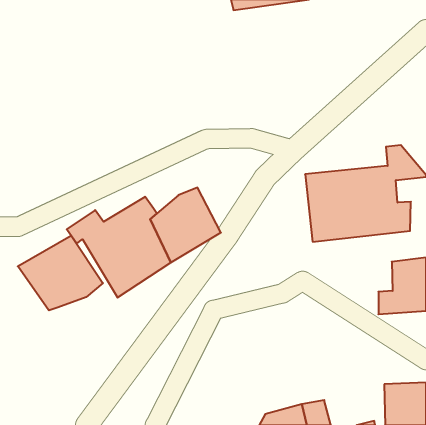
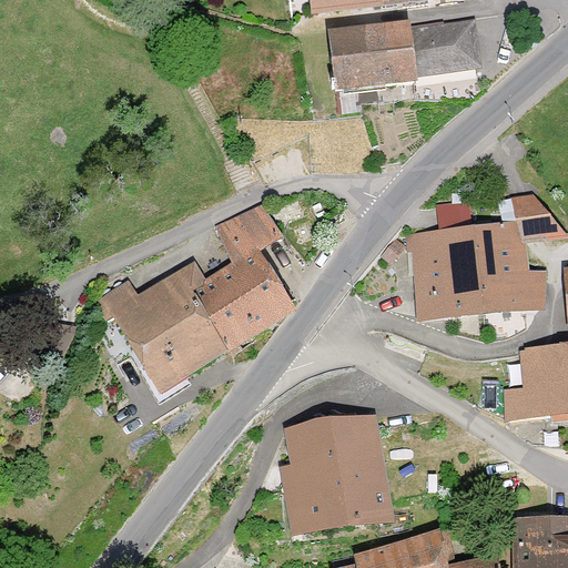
building: none -> [325,18,481,89]
building: none -> [216,203,283,260]
building: [18,236,103,310] -> none
building: none -> [280,409,397,541]

